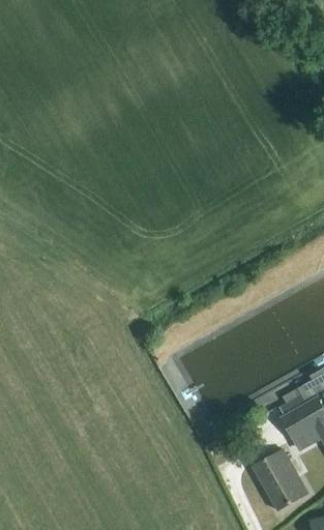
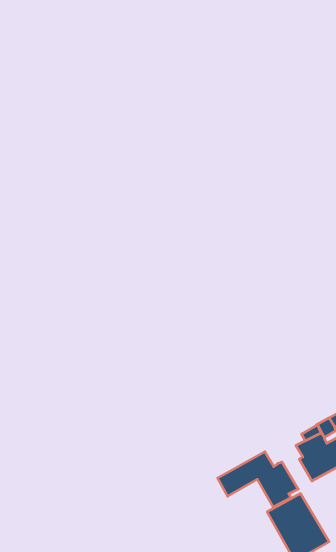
building: none -> [218,452,298,507]

